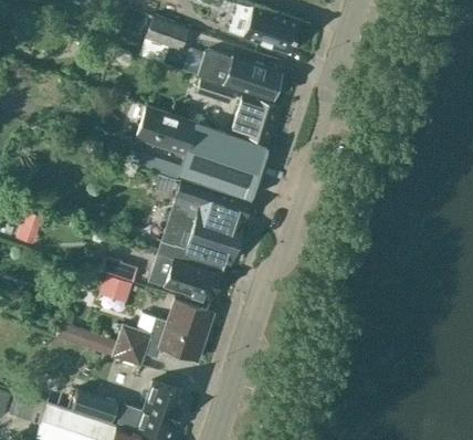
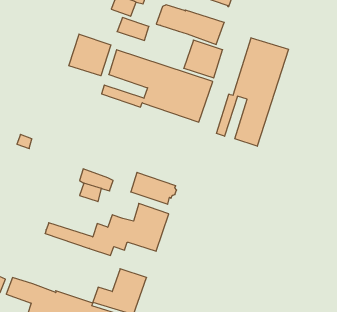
building: [195,76,234,105] -> [117,18,149,40]
building: none -> [69,34,111,76]
building: none -> [217,38,289,146]
building: [157,179,249,275] -> none
building: [71,388,124,425] -> none

